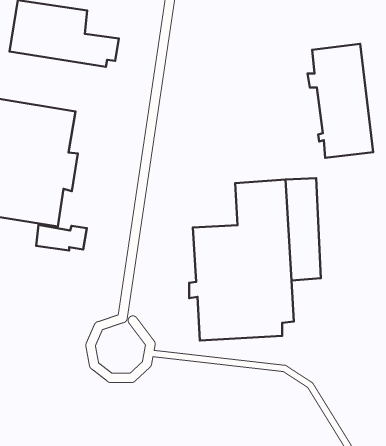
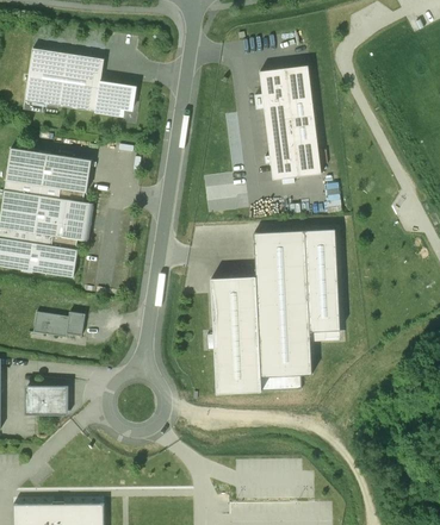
building: [307,44,373,158] -> [254,64,321,180]
building: [36,225,87,251] -> [33,311,85,337]
building: none -> [24,386,68,414]

